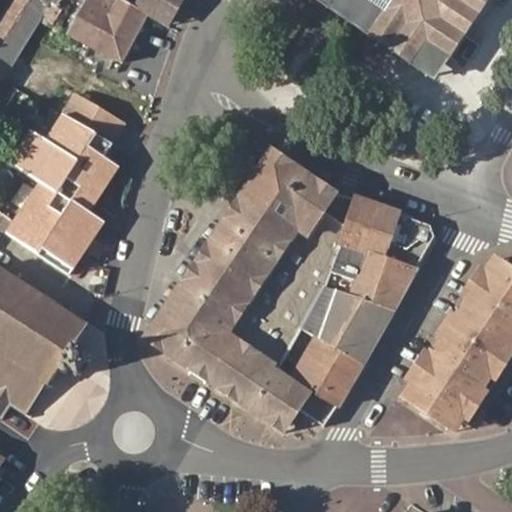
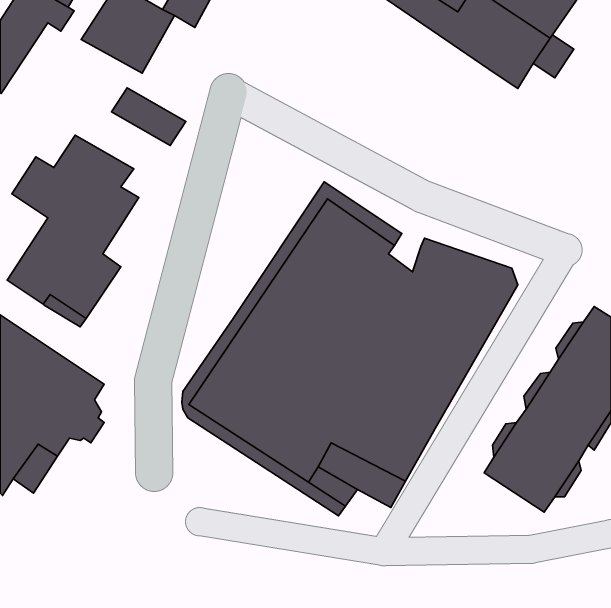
building: [63,93,125,141] -> [112,88,186,145]

